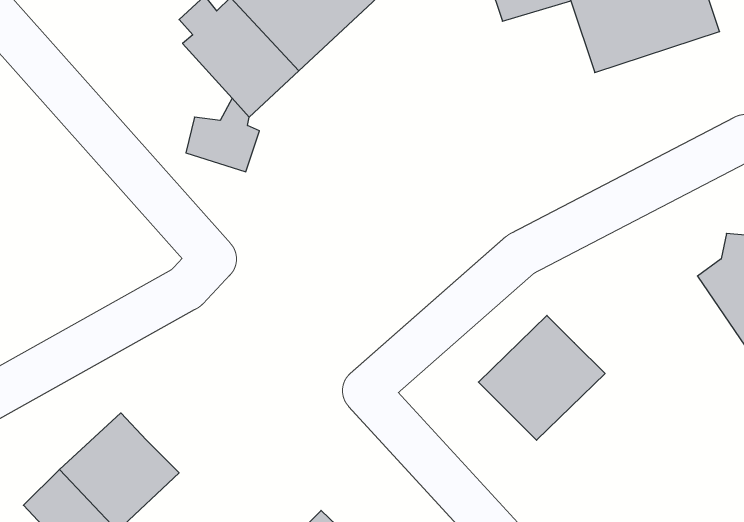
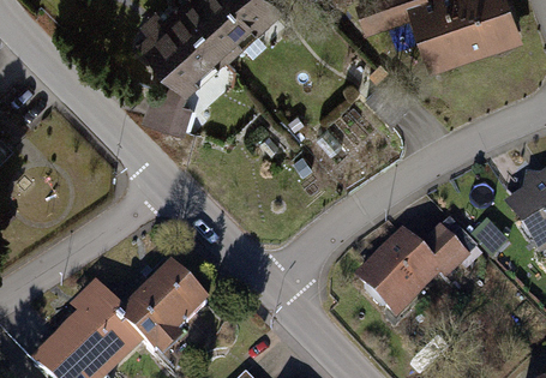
building: none -> [419,228,467,276]
building: none -> [119,263,211,359]

